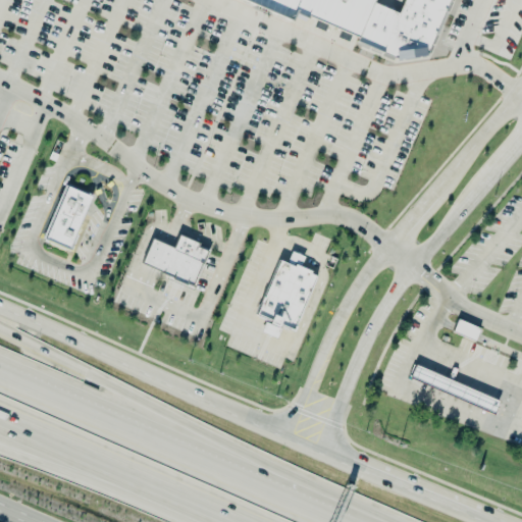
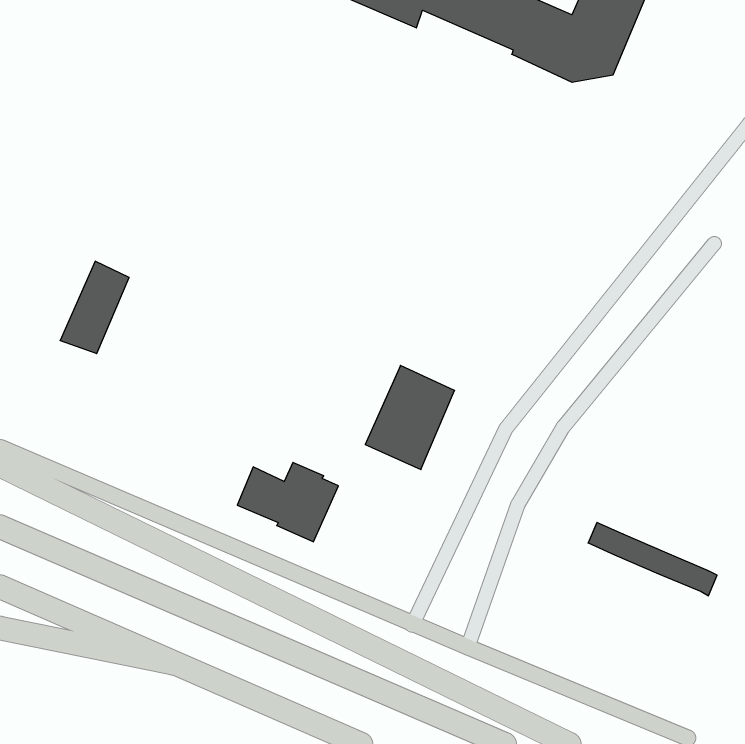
building: [143,230,213,285] -> [237,462,338,542]
building: [456,316,486,341] -> none

